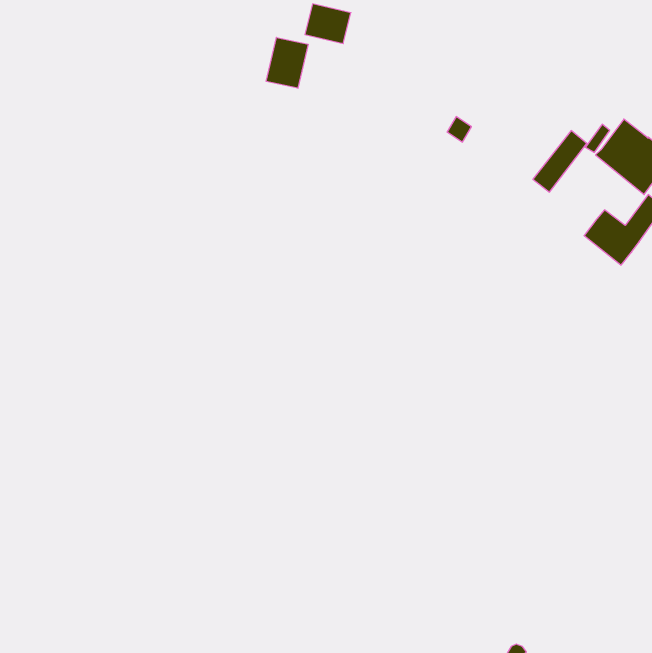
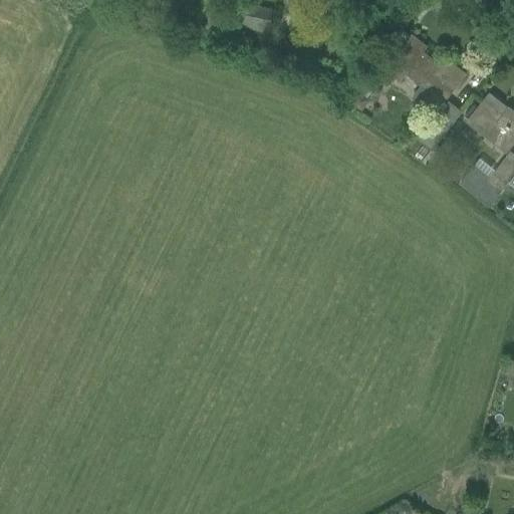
building: [266,37,308,88] -> none
building: none -> [387,36,468,105]

